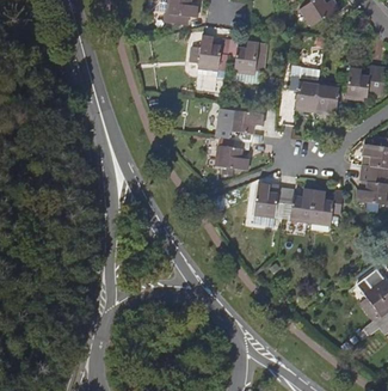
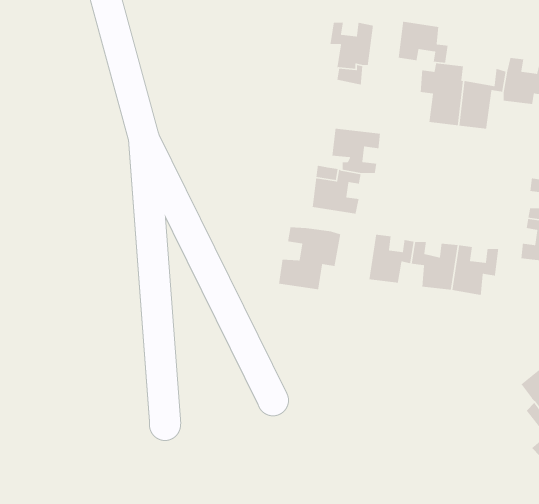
building: [192,33,232,67] -> none
building: none -> [398,21,448,64]
building: none -> [278,227,341,290]

